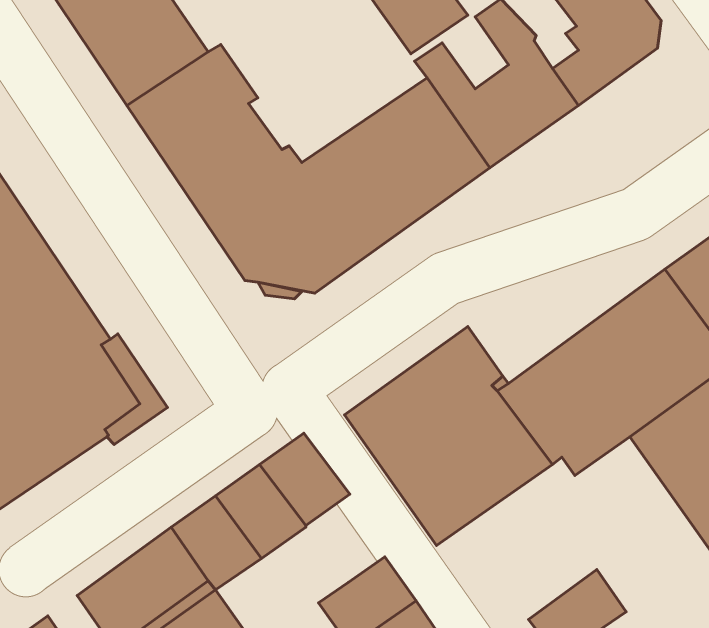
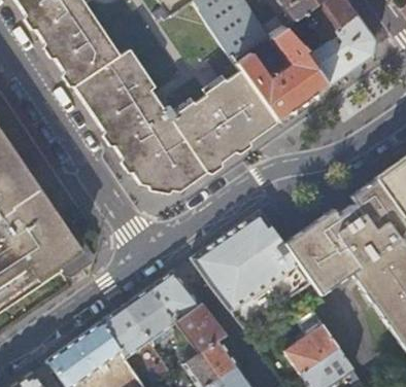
building: none -> [174,304,223,353]
building: none -> [283,309,337,374]

